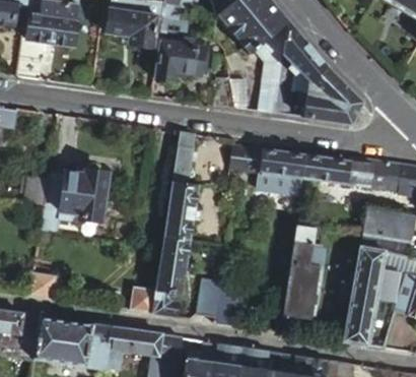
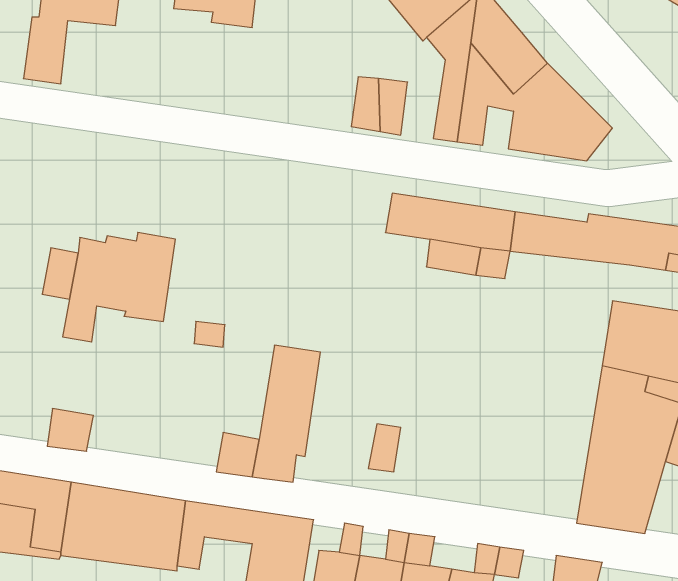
building: [152,35,202,80] -> none
building: [164,132,200,238] -> none
building: [280,225,320,332] -> none
building: [196,276,223,315] -> none

